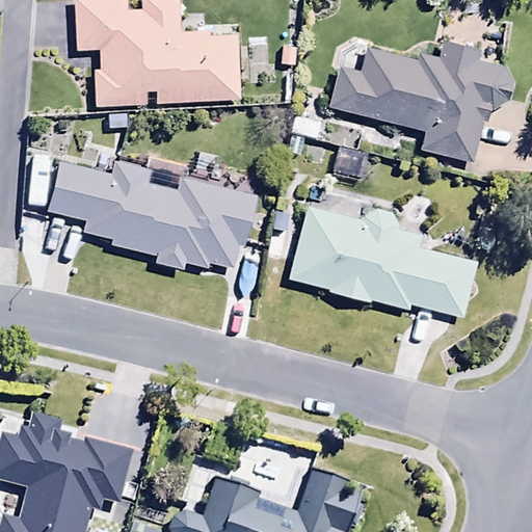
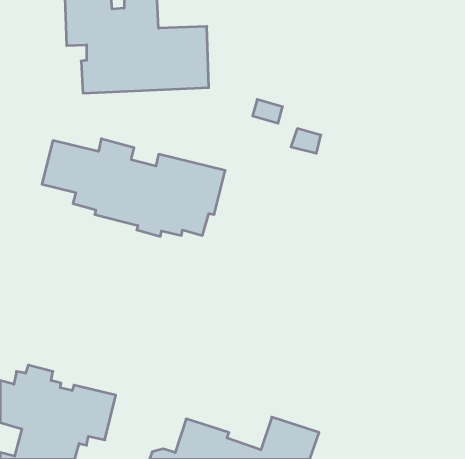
building: [329,42,515,161] -> none
building: [289,204,478,316] -> none

